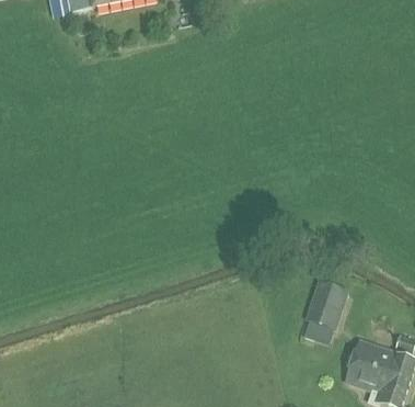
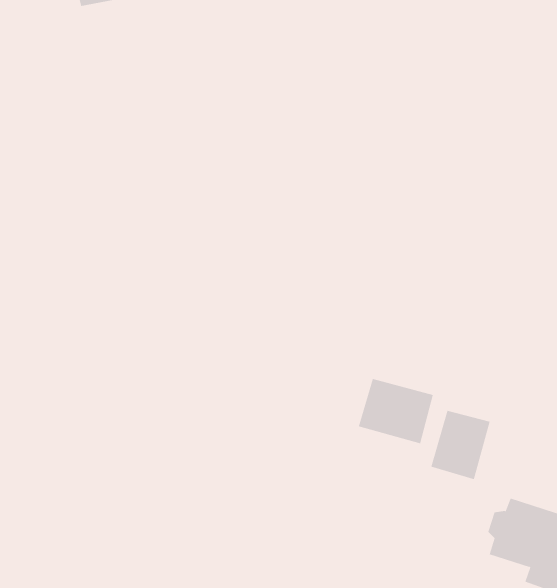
building: none -> [358,378,433,444]

